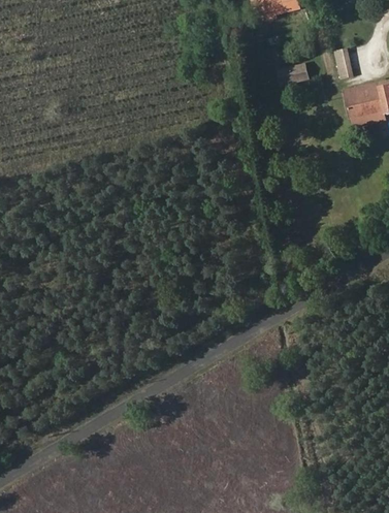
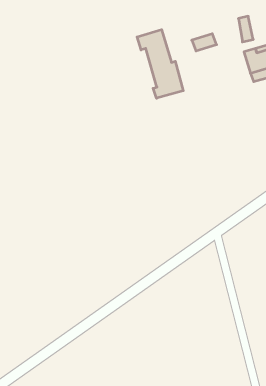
building: none -> [137,30,183,98]

